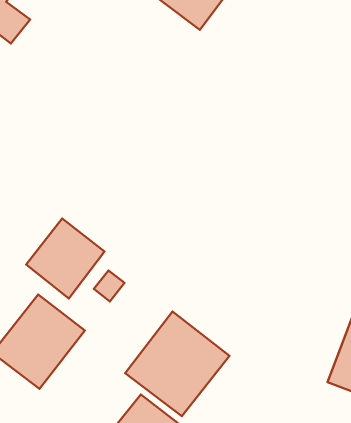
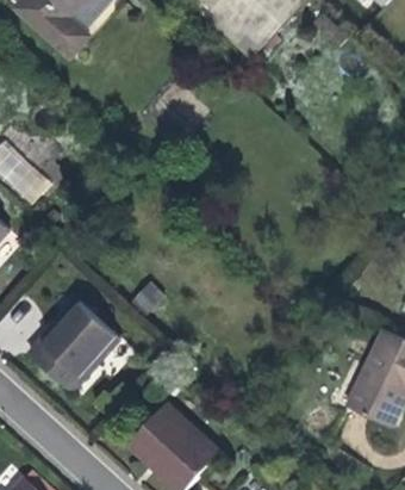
building: [26,219,105,299] -> none
building: [125,312,229,416] -> none

